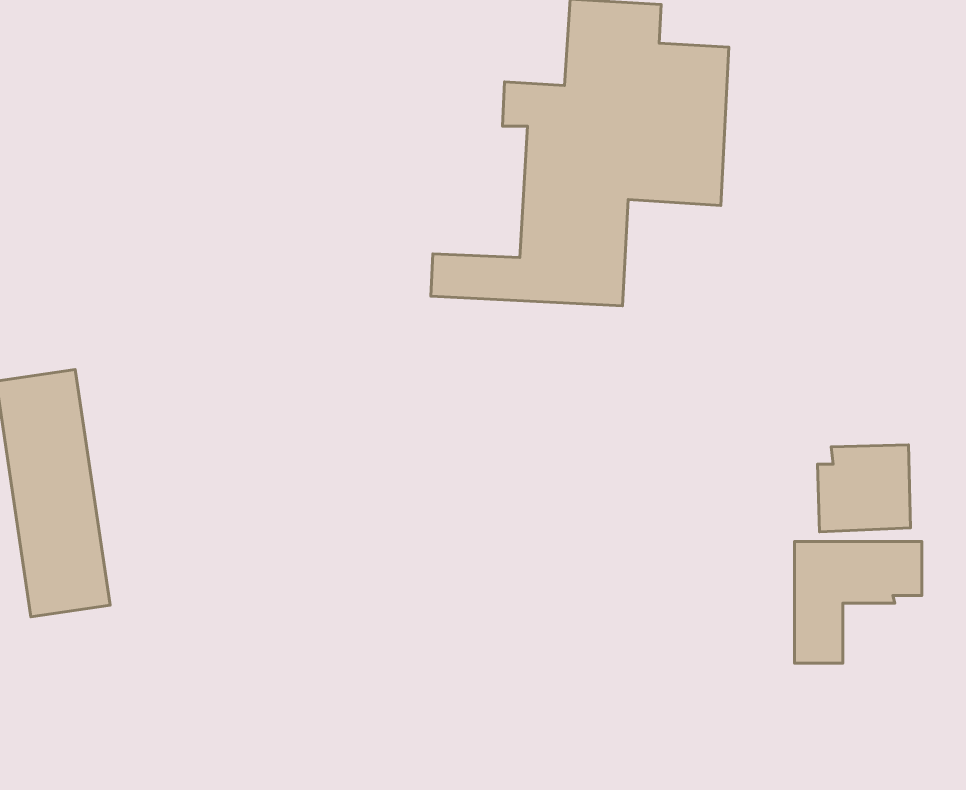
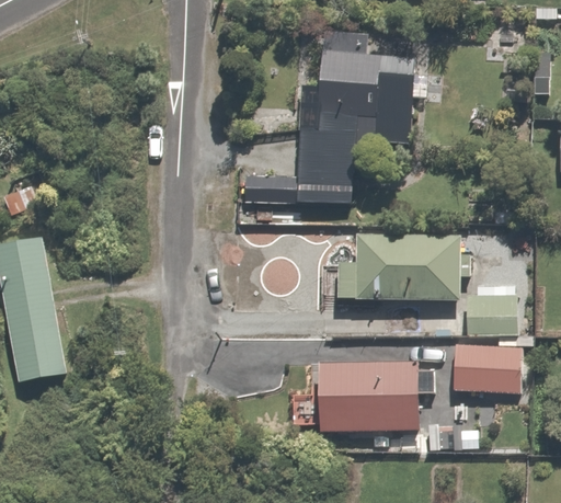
building: none -> [337,235,460,302]
building: none -> [319,361,417,431]

